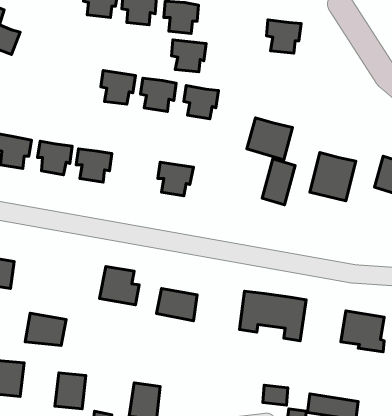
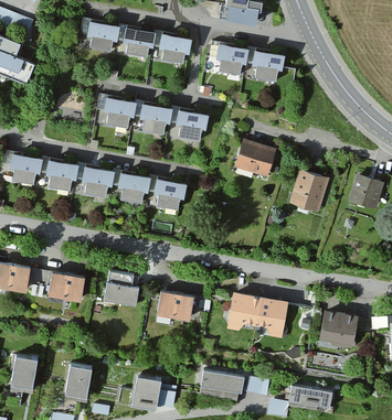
building: [172,40,206,72] -> [216,46,247,75]
building: none -> [118,174,150,204]
building: [262,159,295,205] -> none
building: [25,313,66,345] -> [45,272,82,301]
building: none -> [199,371,244,395]

